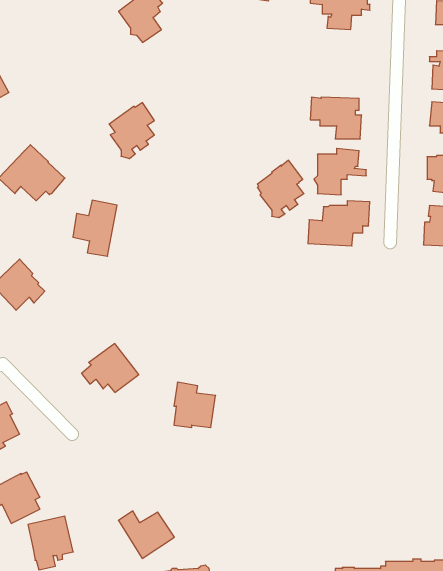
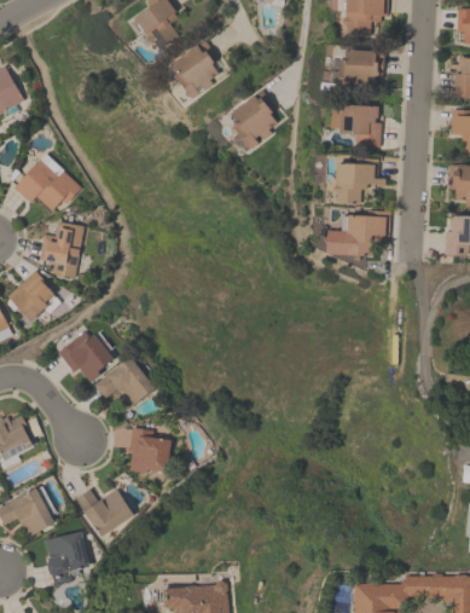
building: none -> [335,50,383,92]
building: [109,103,154,159] -> [172,41,217,98]
building: [257,160,304,217] -> [230,89,277,148]
building: [73,200,117,256] -> [39,221,83,278]
building: none -> [57,331,112,382]
building: [174,382,216,428] -> [128,427,170,473]
building: [118,511,174,558] -> [75,488,132,537]

